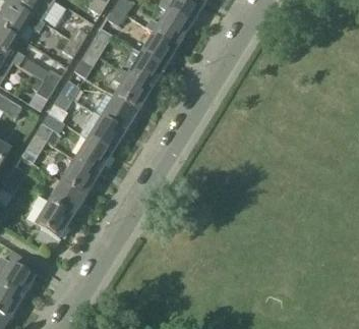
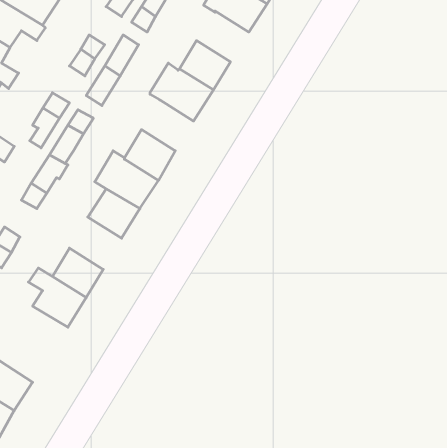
building: [153,10,190,47] -> none
building: [112,69,151,111] -> none
building: [61,159,99,197] -> none

